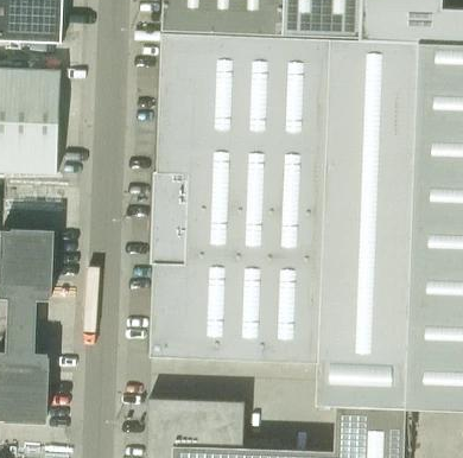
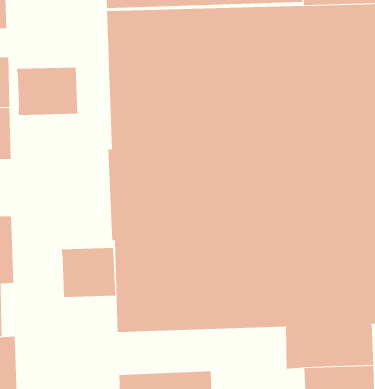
building: none -> [17,67,78,116]
building: none -> [61,247,116,298]

